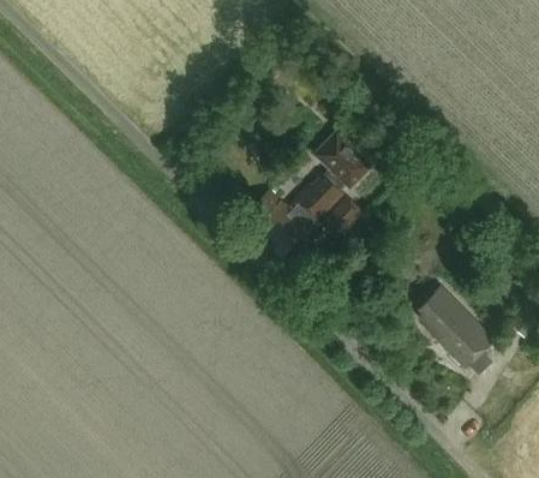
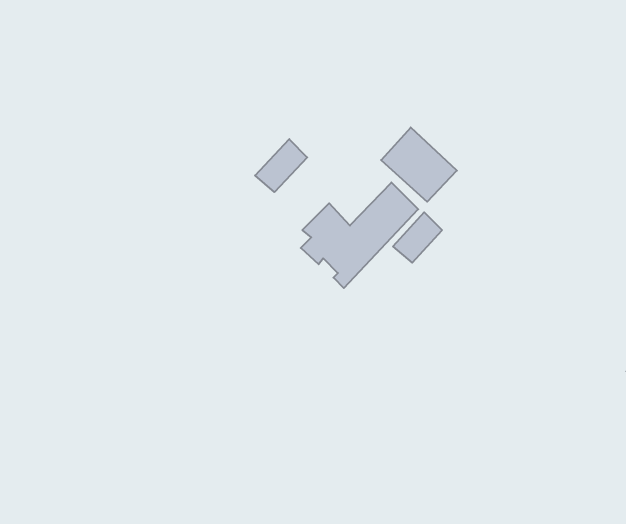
building: none -> [255,139,307,192]
building: [419,286,495,371] -> none

